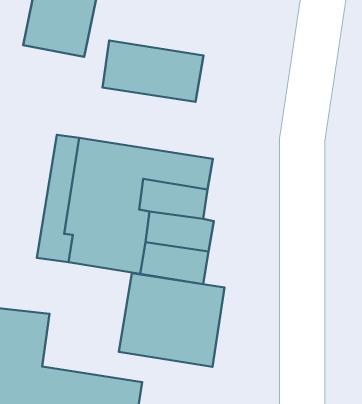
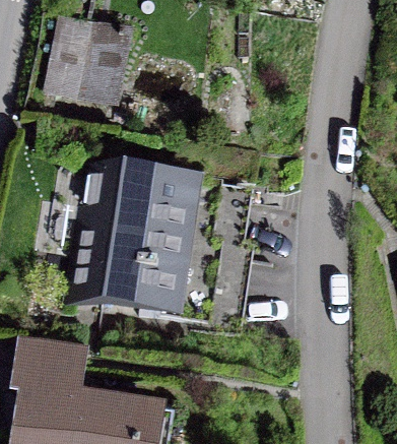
building: [102,40,204,102] -> none
building: [119,273,225,367] -> none

